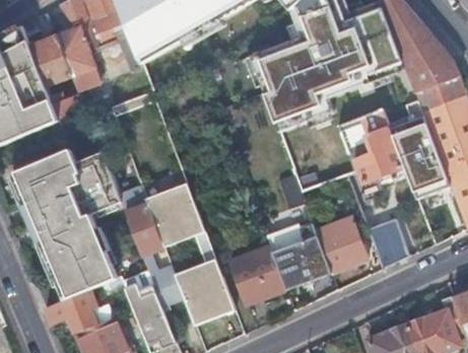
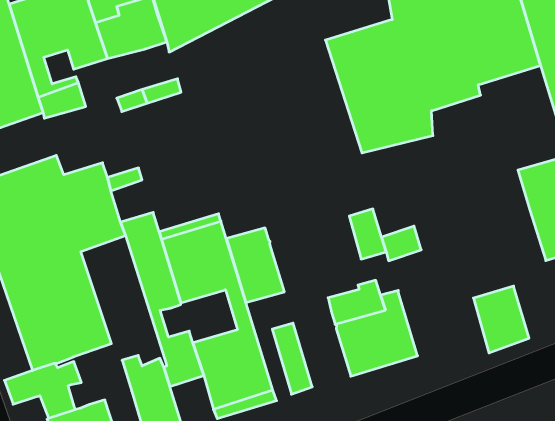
building: [338,108,403,180] -> none
building: [315,215,366,272] -> none
building: [243,245,285,298] -> [227,228,284,302]

